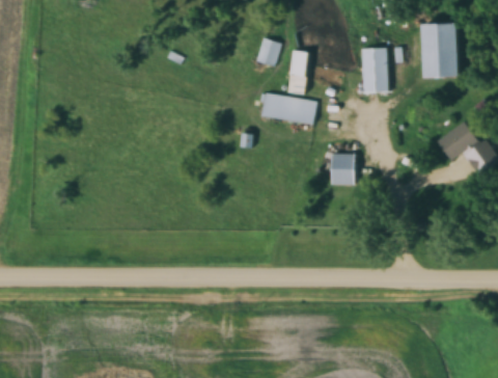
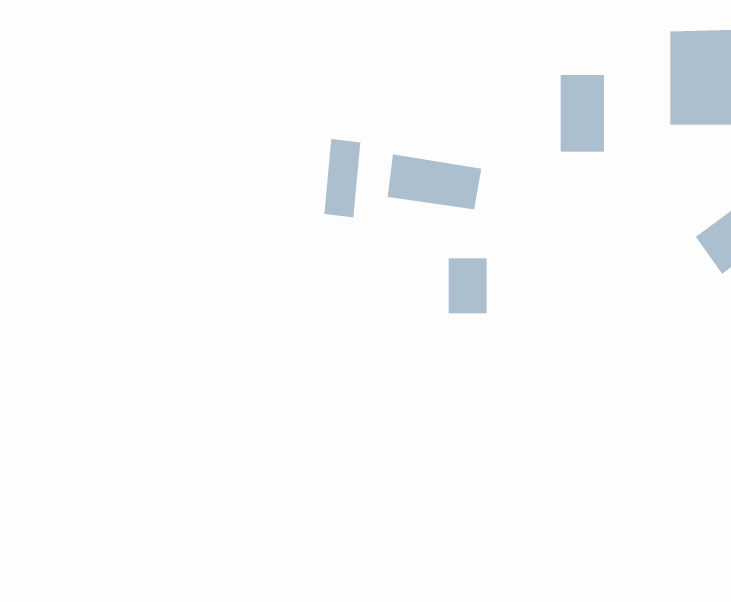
building: [255,37,279,65] -> none
building: [286,49,308,94] -> [323,138,361,218]
building: [331,153,354,185] -> [448,258,488,314]

